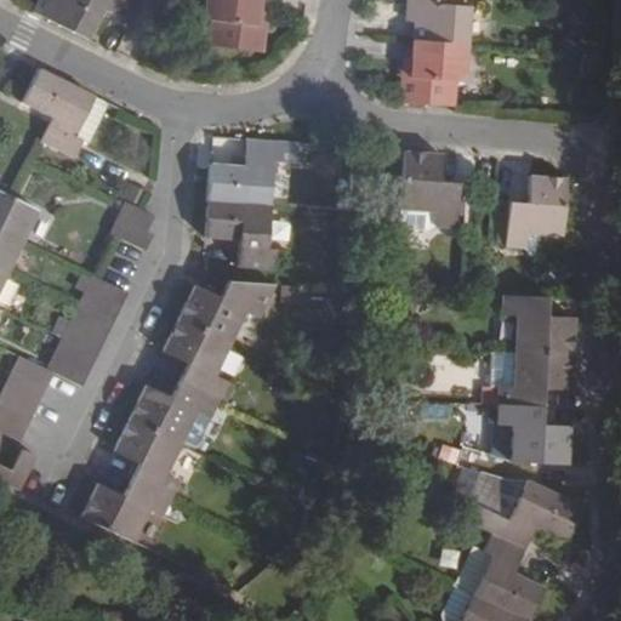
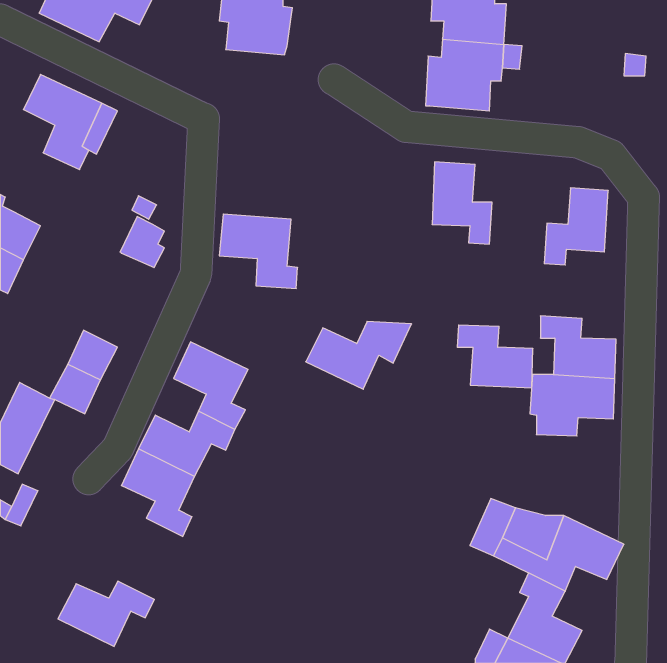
building: [207,138,284,204] -> none
building: [78,277,124,323] -> none
building: [177,280,275,343] -> [306,321,412,389]
building: [497,404,568,462] -> [457,325,533,388]
building: [80,482,170,542] -> [58,581,154,646]

